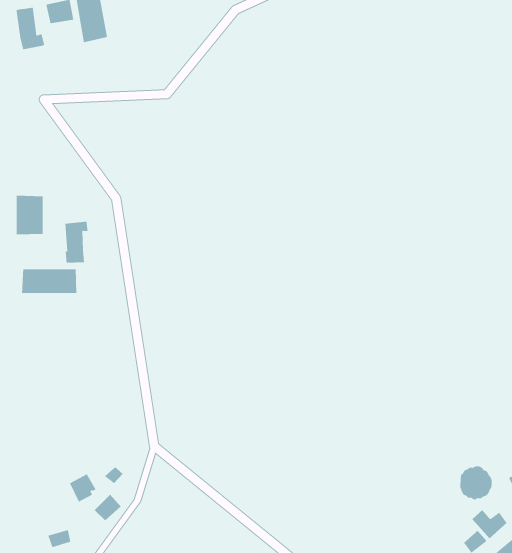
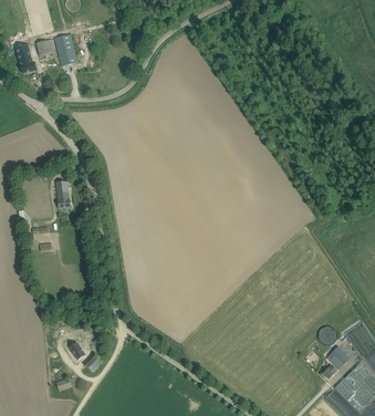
building: [16,195,43,235] -> none
building: [21,269,77,294] -> none

